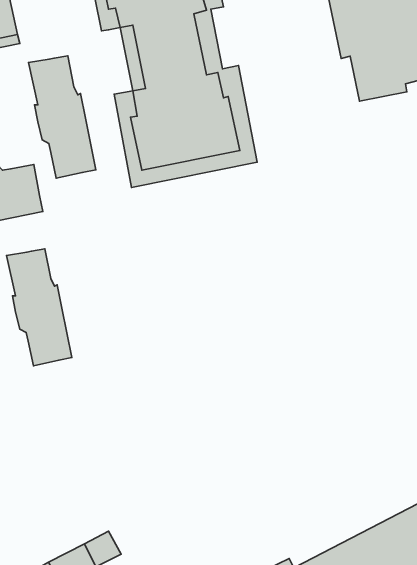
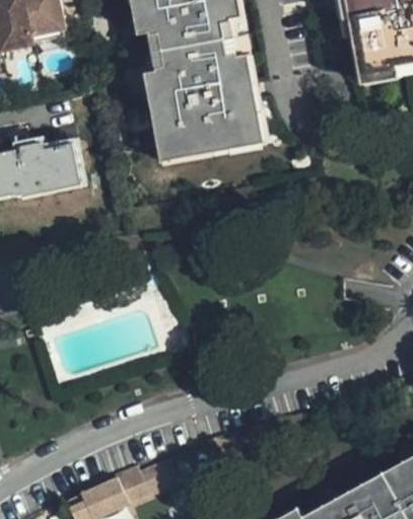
building: [29,56,96,178] -> none
building: [7,249,72,366] -> none

